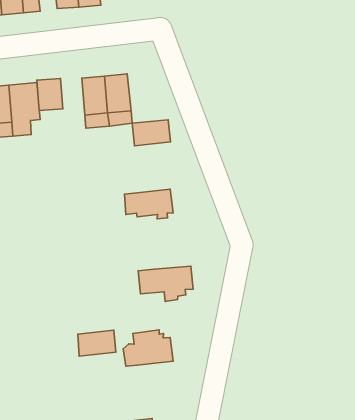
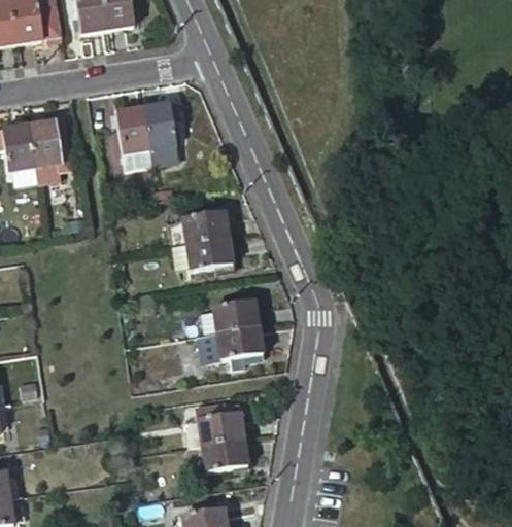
building: [37,78,63,111] -> none
building: [132,120,170,146] -> [182,210,229,243]
building: none -> [211,297,259,331]
building: [78,330,116,356] -> [202,438,248,471]

